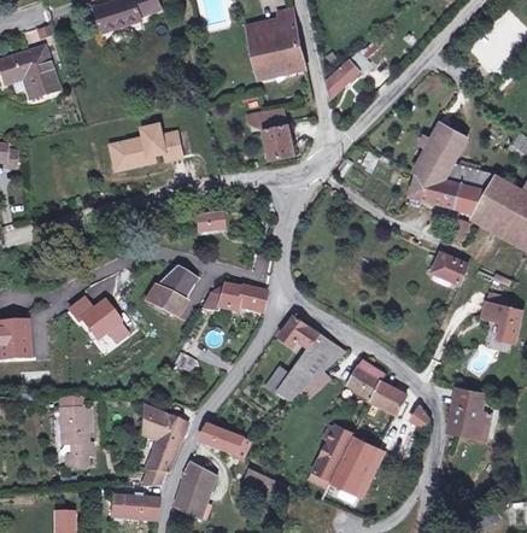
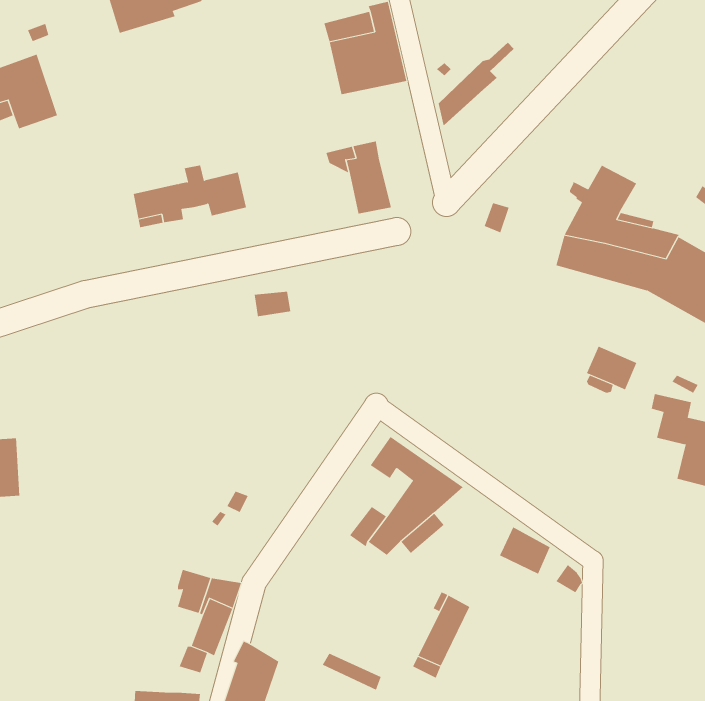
building: [145,266,195,315] -> none
building: [203,285,267,311] -> none
building: [66,295,130,345] -> none
building: [349,359,385,398] -> none
building: [449,387,491,435] -> none
building: [59,408,93,467] -> none
building: [199,422,250,458] -> none
building: [332,437,377,493] -> none

